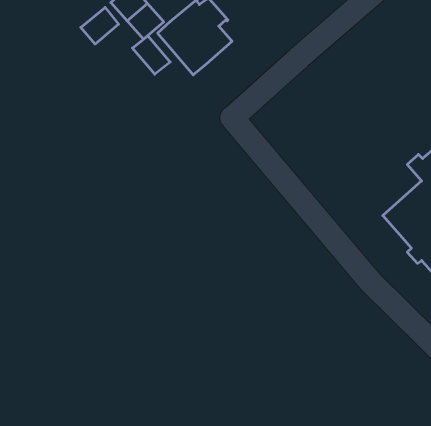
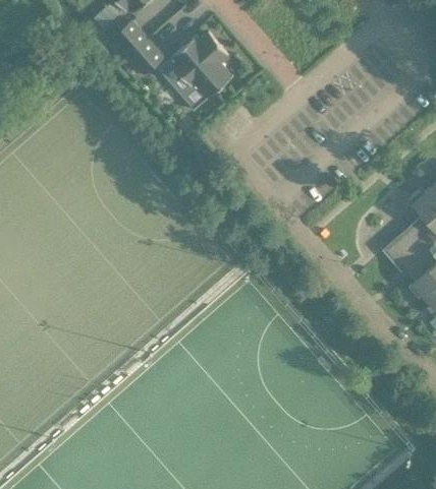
building: [81,7,119,44] -> none
building: [132,36,170,74] -> none

